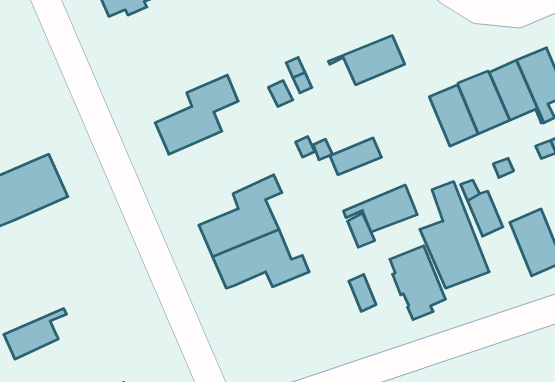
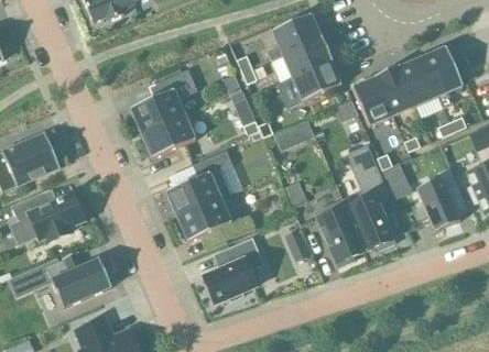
building: none -> [267,13,322,57]
building: none -> [292,59,340,100]
building: none -> [141,113,195,157]
building: [344,185,417,232] -> none
building: none -> [10,190,86,241]
building: none -> [203,237,263,304]
building: none -> [45,250,111,307]

